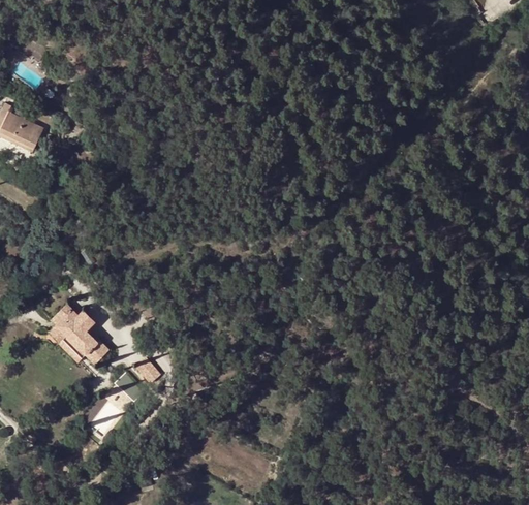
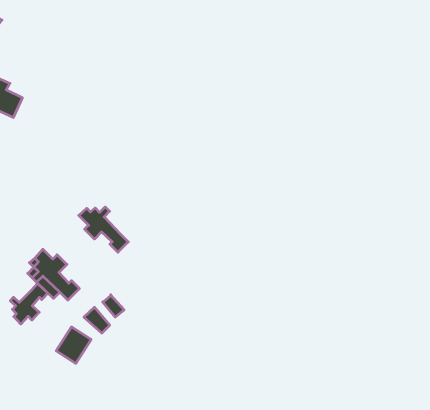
building: none -> [79,207,128,252]
building: none -> [10,284,48,324]

